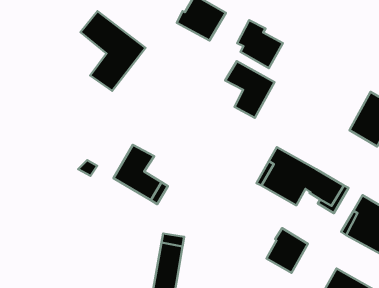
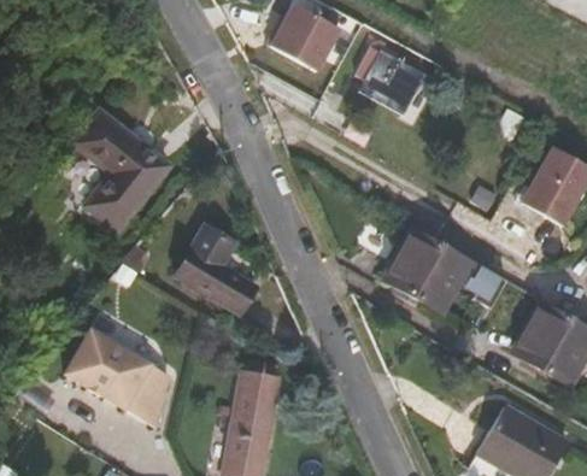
building: [81,11,146,91] -> [72,112,169,230]
building: [225,61,275,118] -> none
building: none -> [65,331,166,430]
building: [266,228,308,273] -> none

